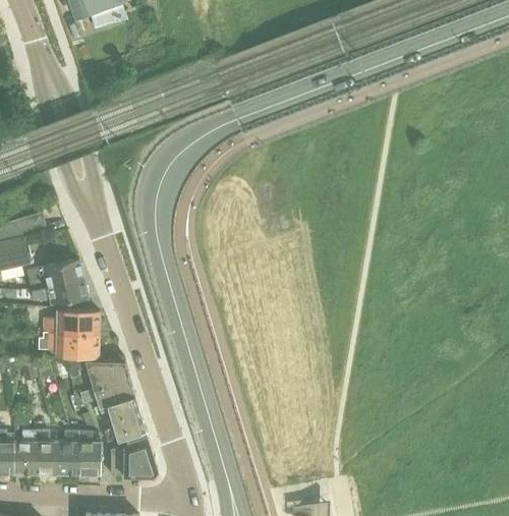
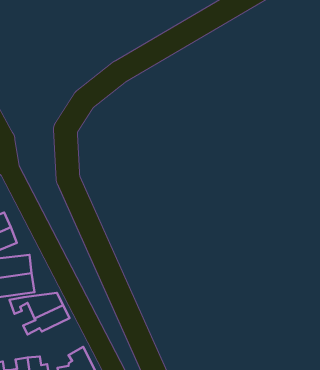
building: [99,393,144,442] -> none

